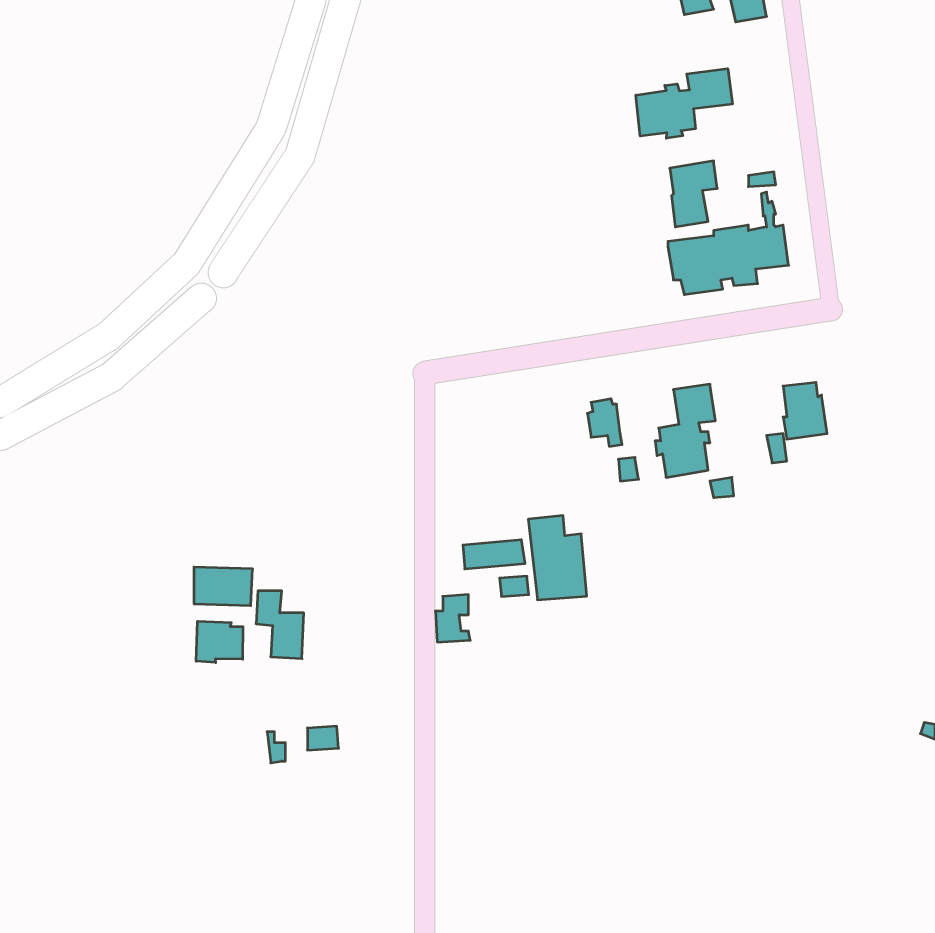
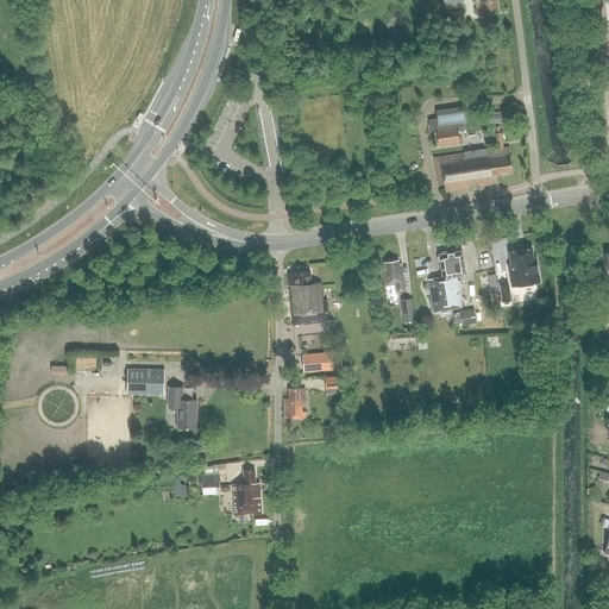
building: [636,69,732,138] -> none
building: [528,516,587,600] -> [287,269,325,324]
building: [196,621,243,663] -> none
building: none -> [233,469,260,514]

